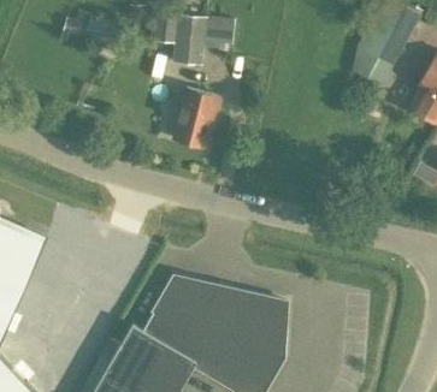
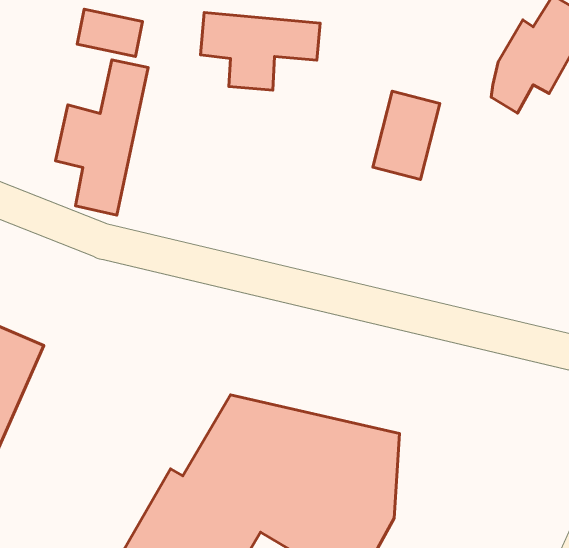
building: none -> [55,60,148,215]
building: [172,89,218,149] -> [373,91,440,179]

